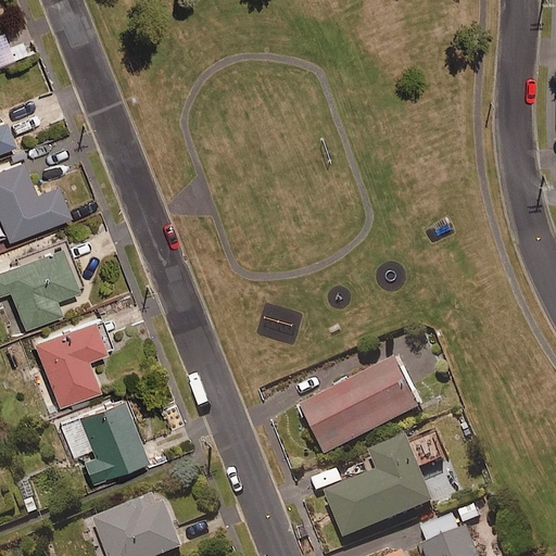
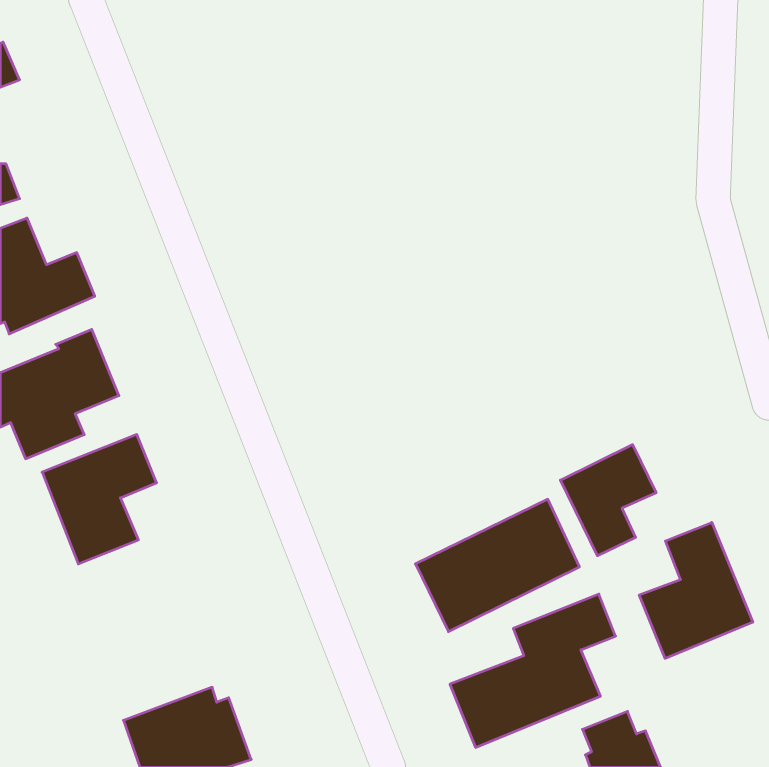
building: none -> [560,445,656,556]
building: none -> [639,522,753,658]
building: [58,396,148,483] -> none

